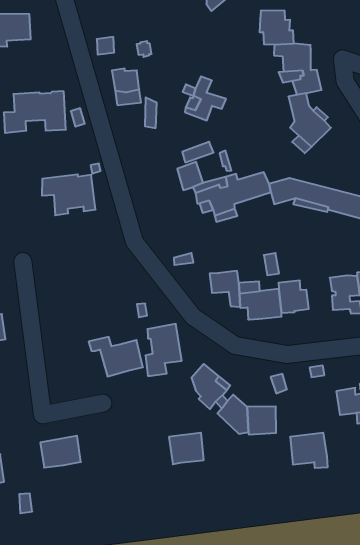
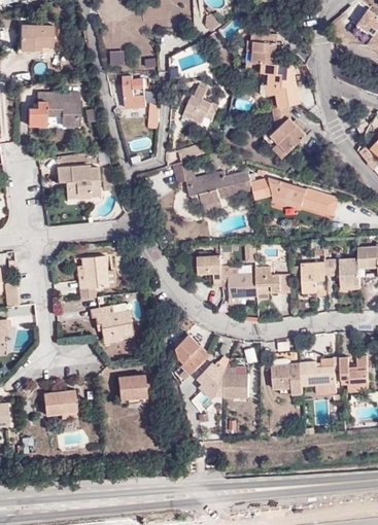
building: [145,324,182,376] -> [78,256,109,300]
building: [169,433,204,464] -> [117,375,146,400]
building: [290,433,328,468] -> [270,364,301,394]

